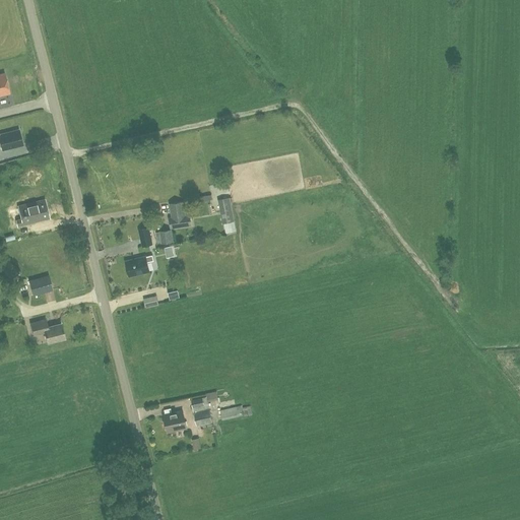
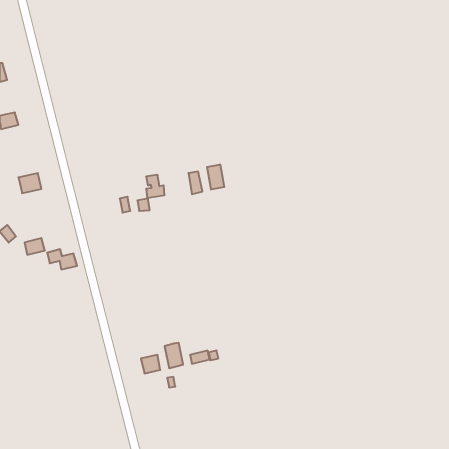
building: none -> [207,164,224,190]
building: [125,255,152,276] -> none
building: [29,319,64,342] -> [47,249,77,269]

